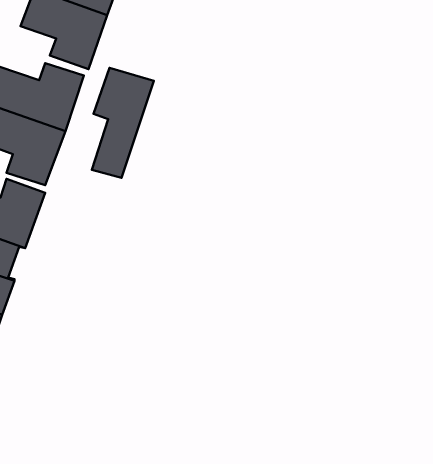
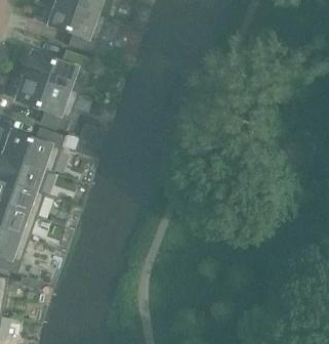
building: [92,68,154,178] -> none

